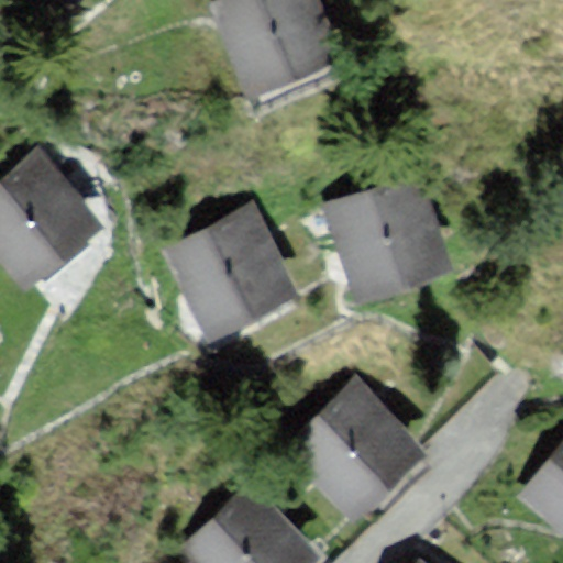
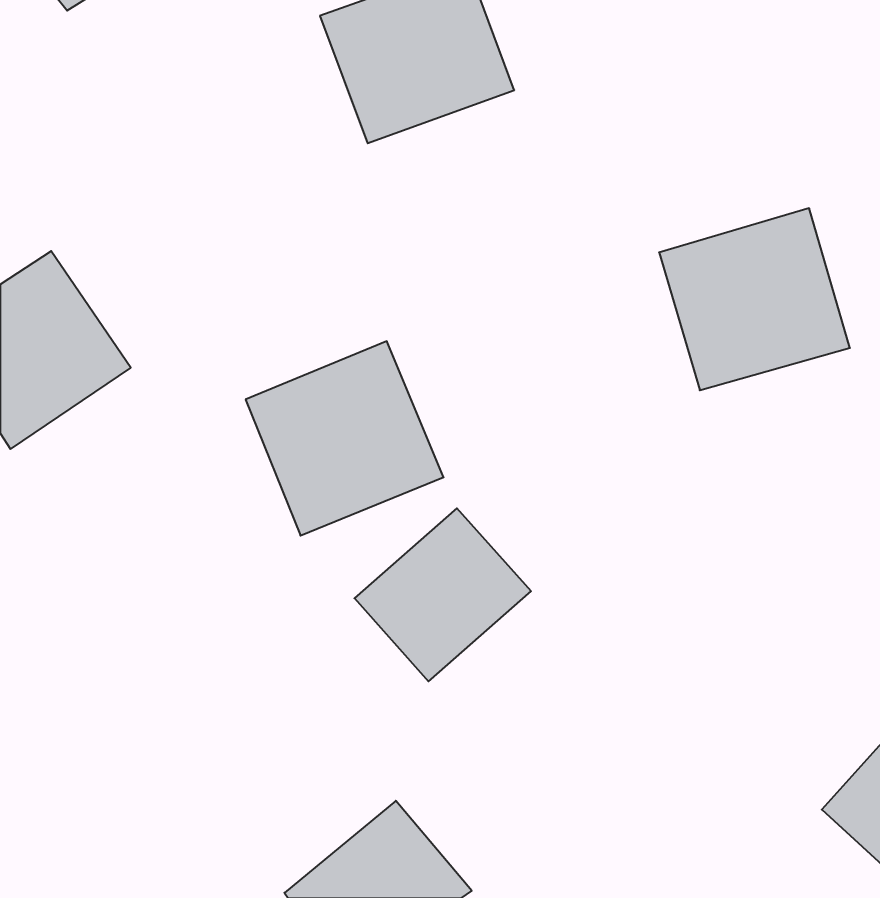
building: [328,184,446,297] -> [659,208,850,390]
building: [298,395,408,503] -> [354,508,531,681]

